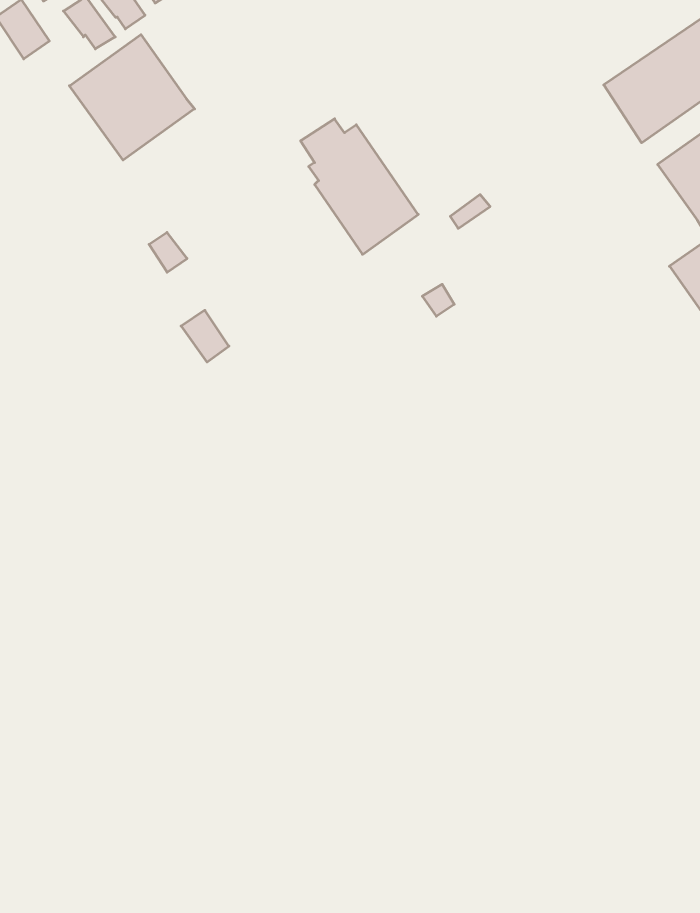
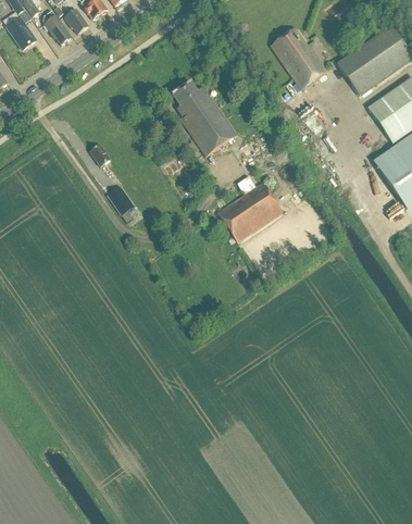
building: none -> [271,27,326,89]
building: [69,35,195,160] -> none
building: none -> [216,182,282,241]

